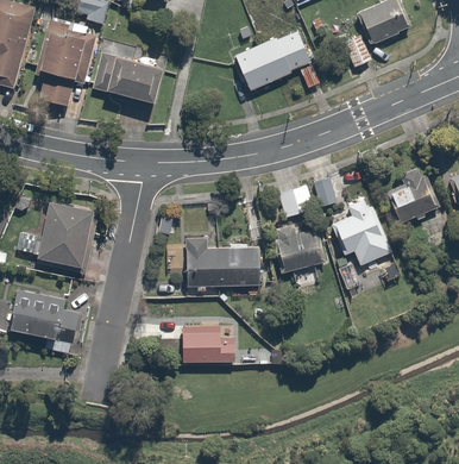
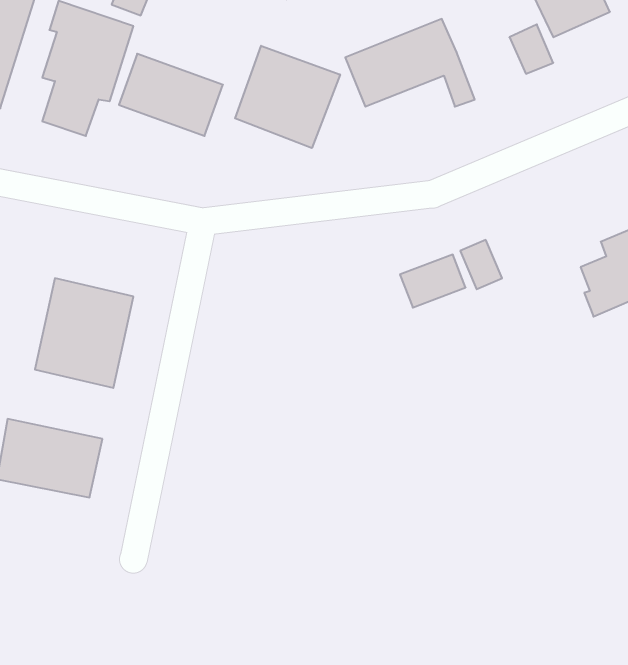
building: none -> [235,46,340,148]
building: [333,199,390,294] -> none
building: [271,225,332,272] -> none
building: [187,237,262,289] -> none
building: [183,325,235,362] -> none

